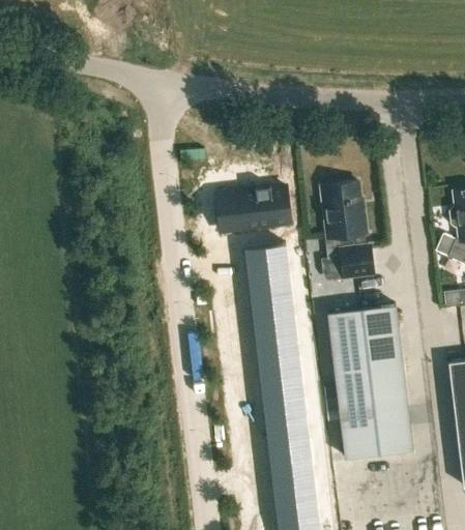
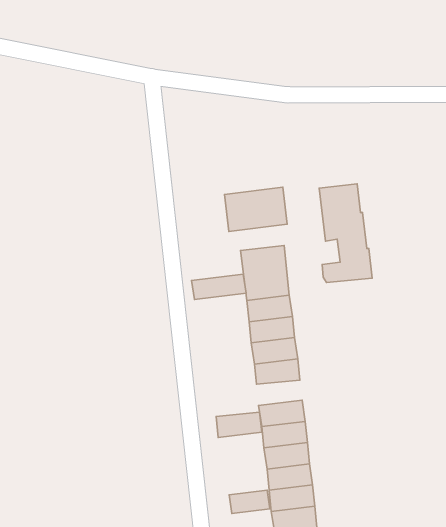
building: none -> [192,274,246,300]
building: [328,306,413,460] -> none
building: [260,376,304,401] -> [216,412,262,438]
building: none -> [229,490,270,513]

